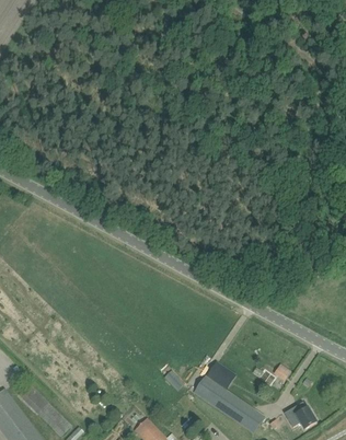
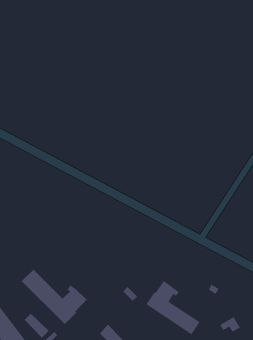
building: none -> [21,269,88,325]

